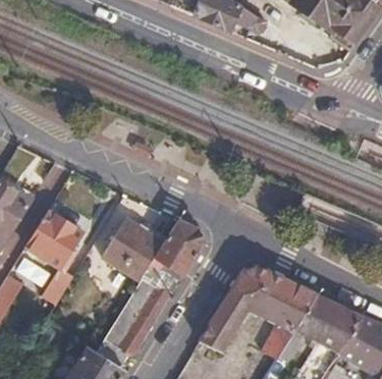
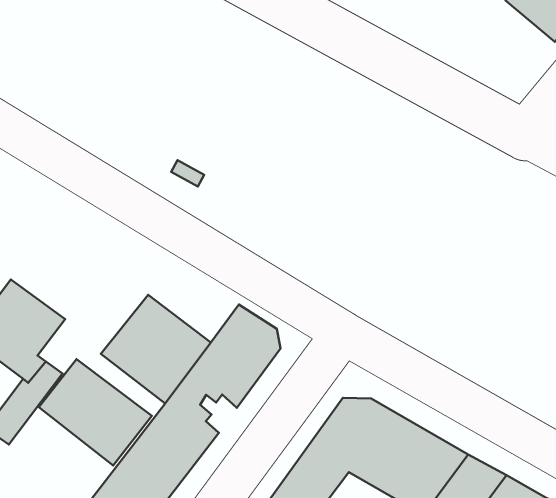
building: none -> [39,359,152,466]

